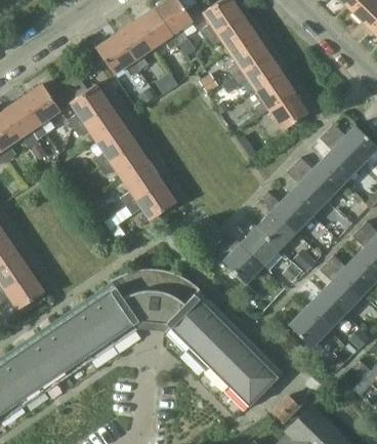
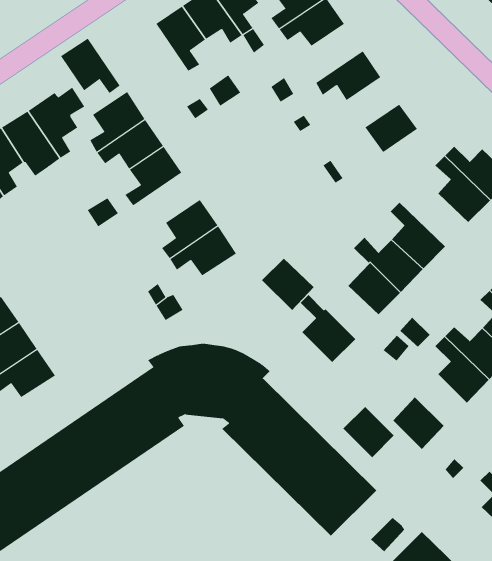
building: [97,35,141,76] -> [60,38,120,94]
building: [228,35,269,78] -> none
building: [255,74,296,117] -> none
building: [101,144,151,180] -> none
building: [296,158,346,198] -> none
building: [242,227,281,266] -> [261,258,315,311]
building: [307,291,345,329] -> [343,406,394,458]

